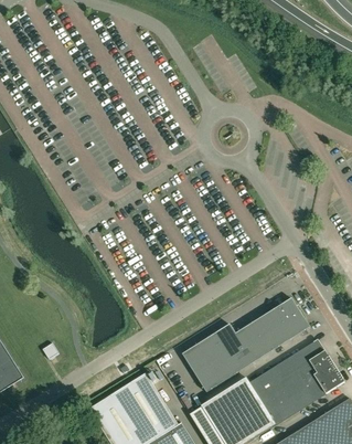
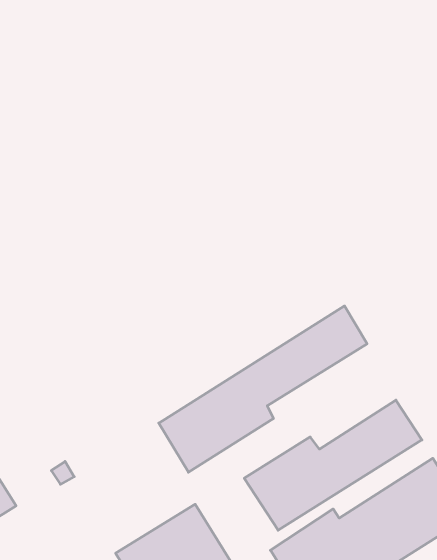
building: none -> [159,306,367,472]

